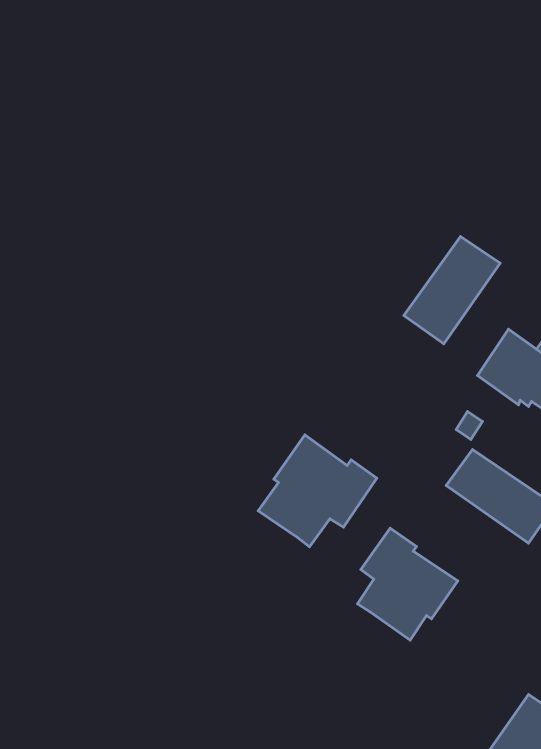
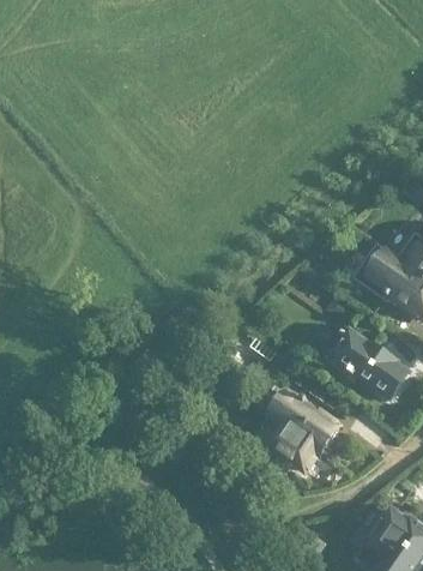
building: [404,237,500,344] -> none
building: [258,435,377,547] -> none

